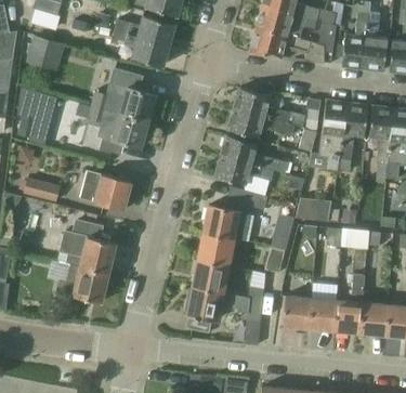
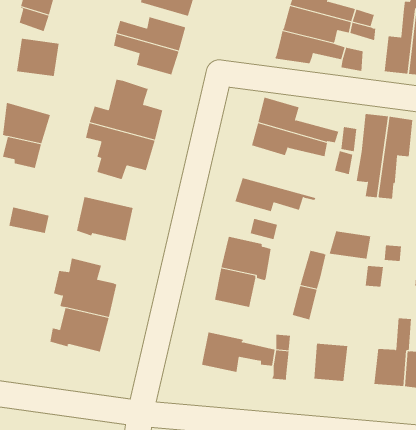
building: [222,133,286,171] -> none
building: [193,258,228,291] -> none
building: [309,297,337,329] -> none

